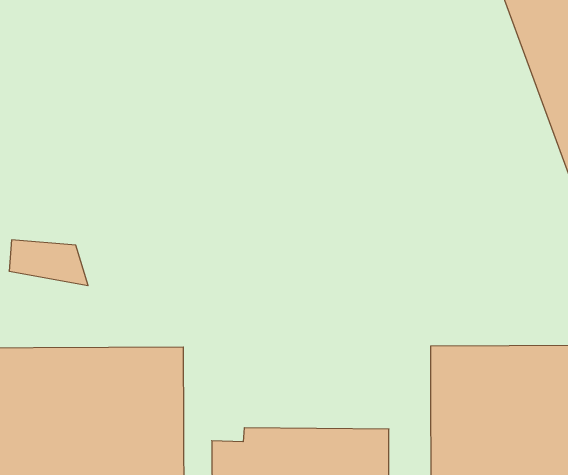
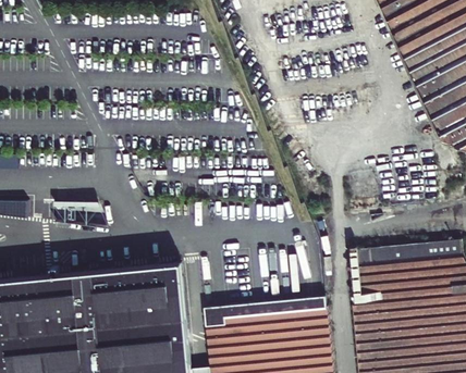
building: none -> [206,297,329,328]

